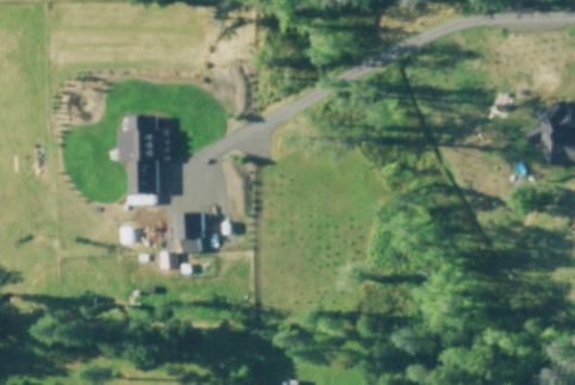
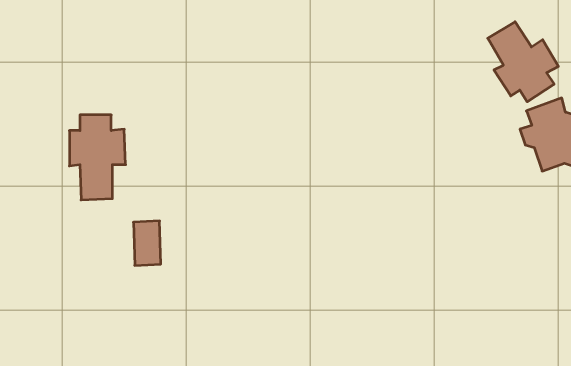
building: none -> [488,22,558,102]

